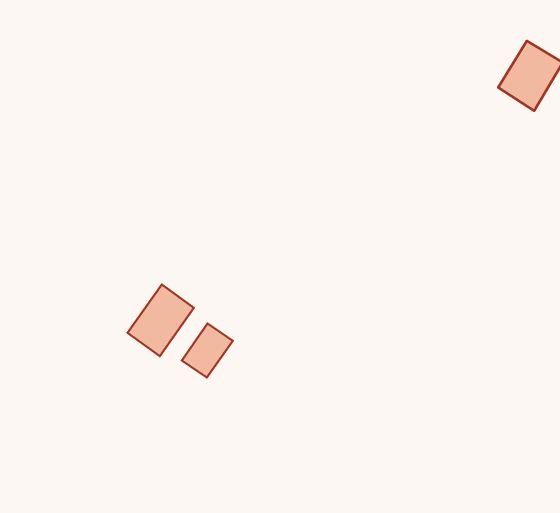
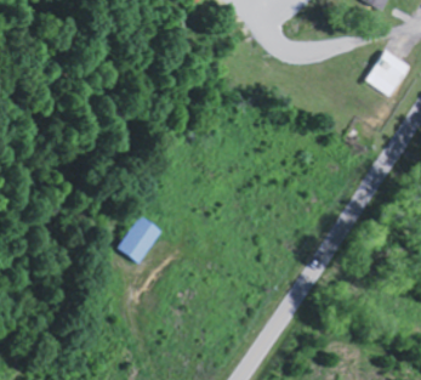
building: [182,324,233,378] -> none

